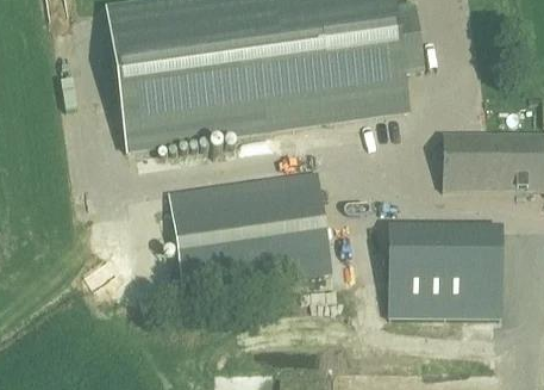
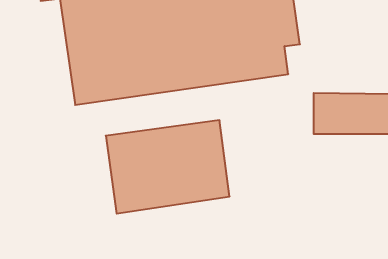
building: [388,224,504,318] -> none

